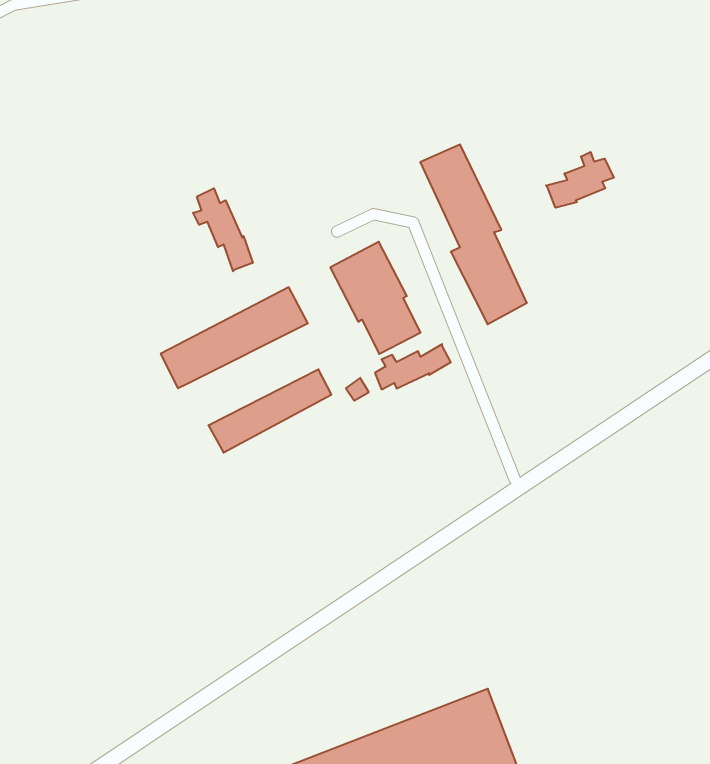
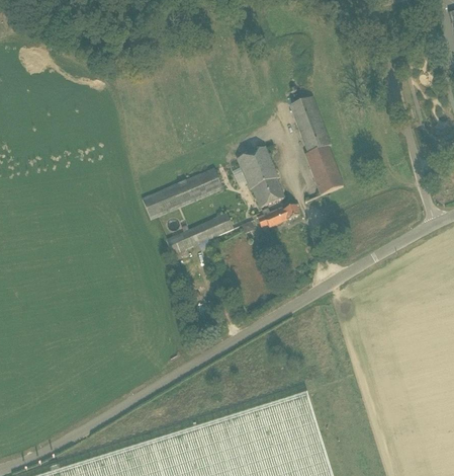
building: [546,152,614,208] -> none
building: [193,188,253,271] -> none

